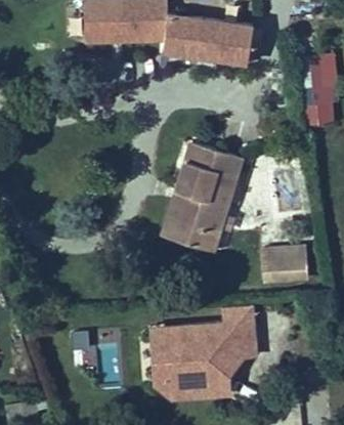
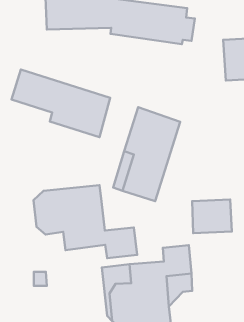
building: none -> [12,69,110,137]
building: none -> [33,185,137,258]

